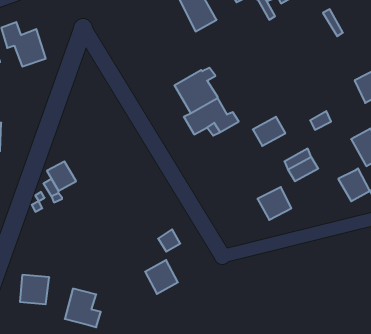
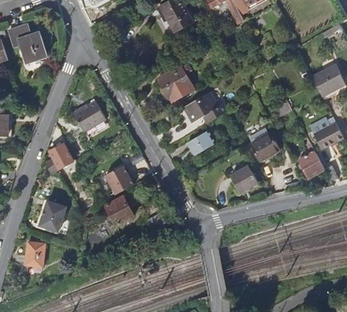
building: none -> [72,99,105,131]
building: [253,117,285,146] -> [186,131,214,156]
building: none -> [105,165,133,194]
building: [145,260,178,294] -> [105,197,133,226]
building: [65,289,101,327] -> [38,200,69,233]

